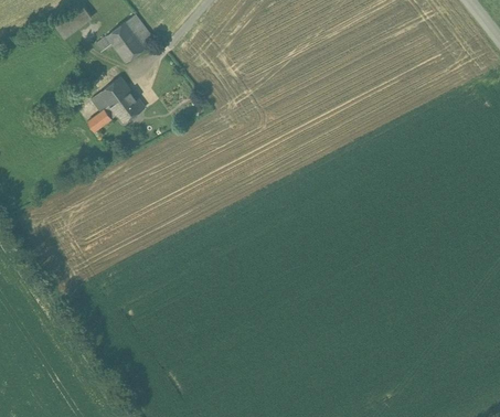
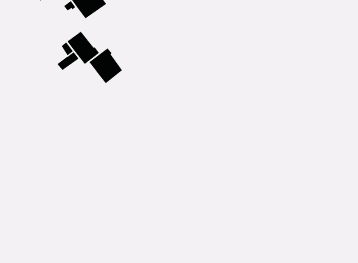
building: none -> [88,47,123,84]

